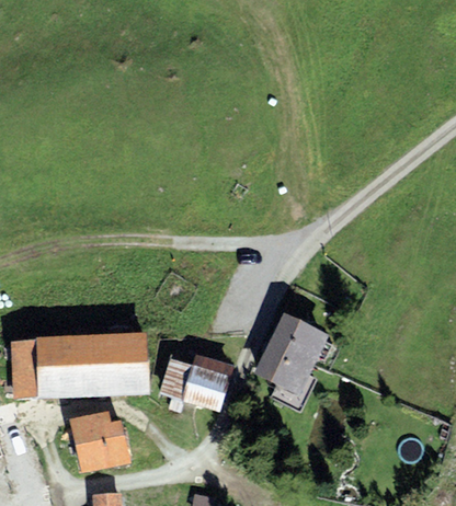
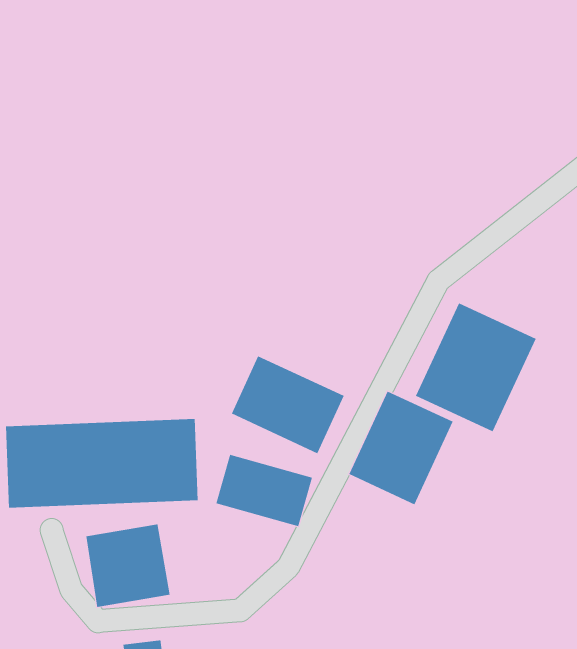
building: none -> [415,303,536,432]
building: none -> [231,356,344,454]

